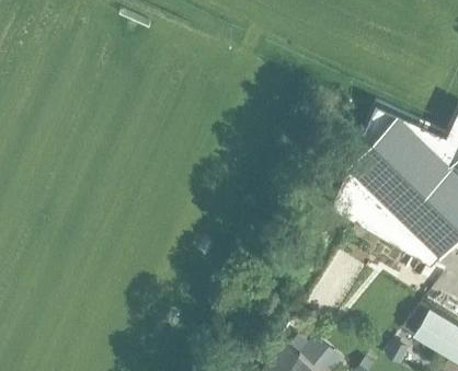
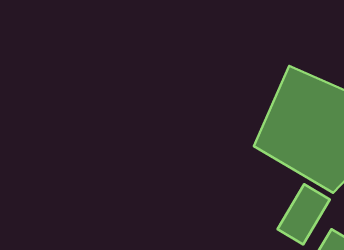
building: none -> [277,184,330,244]

